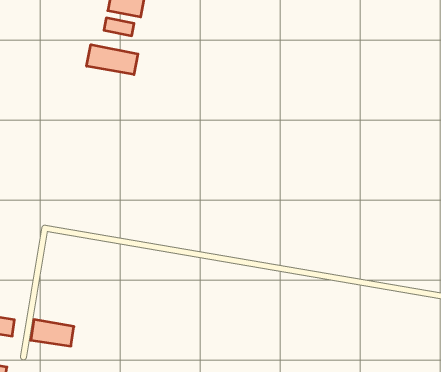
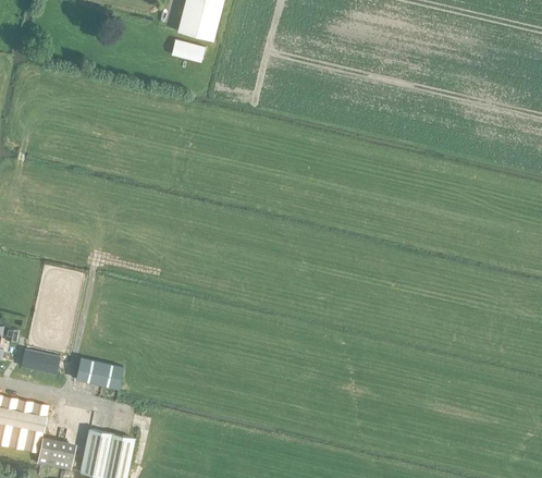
building: [87,45,138,75] -> none

